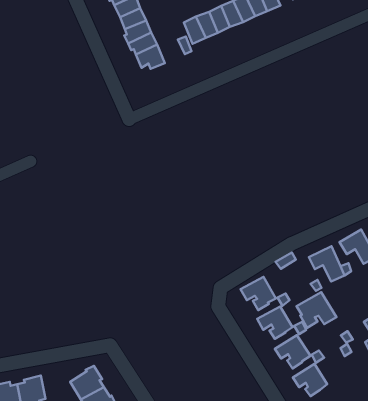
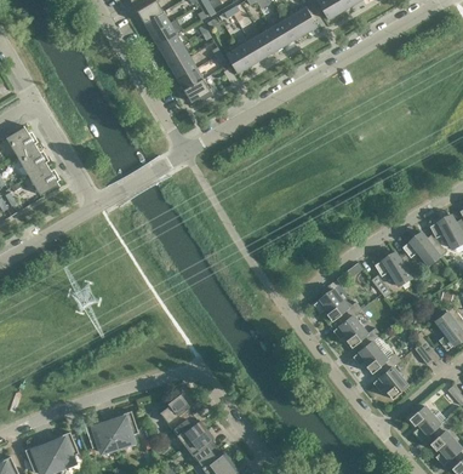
building: [296,292,337,328] -> none

